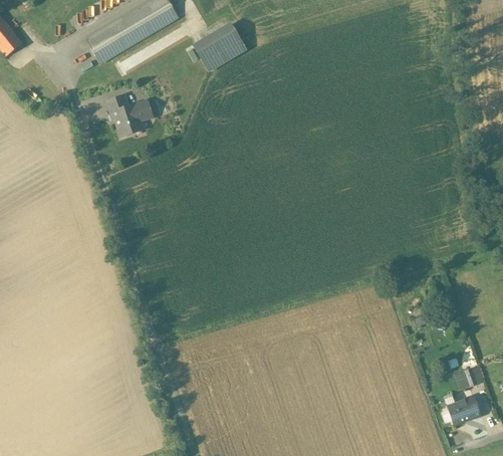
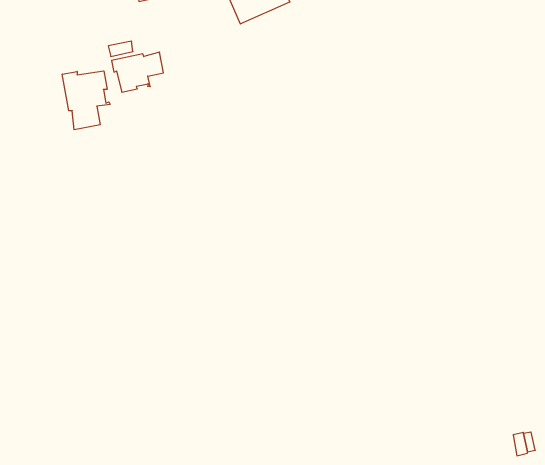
building: none -> [62,71,110,130]

